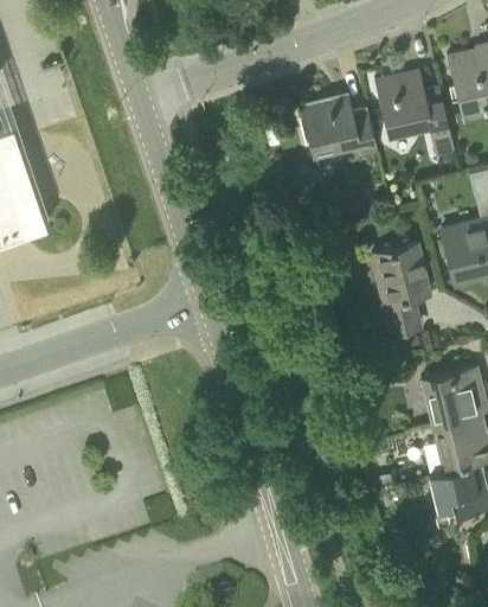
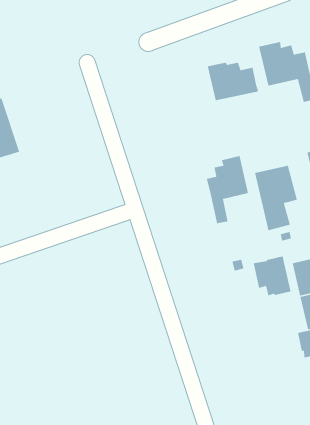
building: none -> [206,155,249,224]
building: none -> [253,255,291,297]

